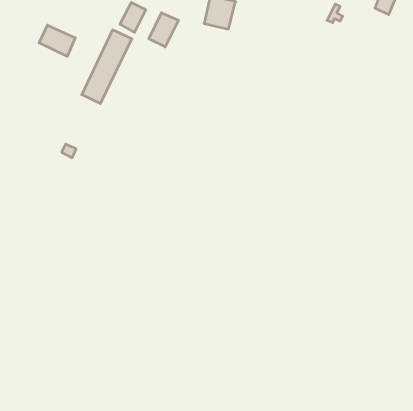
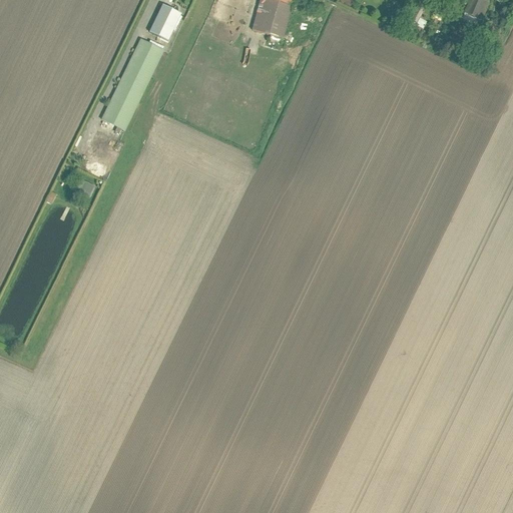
building: [149,13,178,47] -> none
building: [39,25,75,56] -> none

